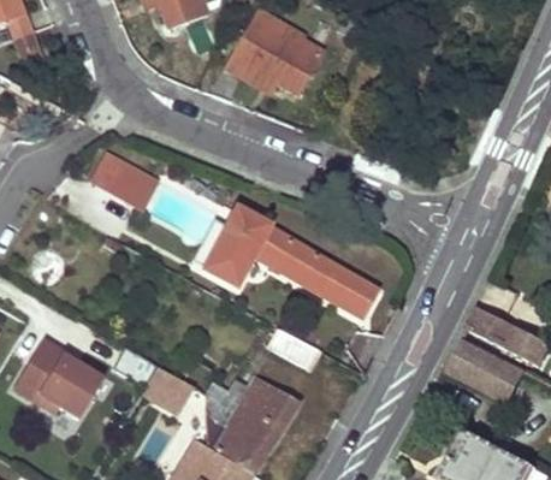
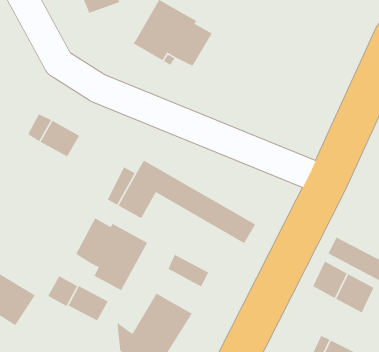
building: none -> [75,217,148,291]

